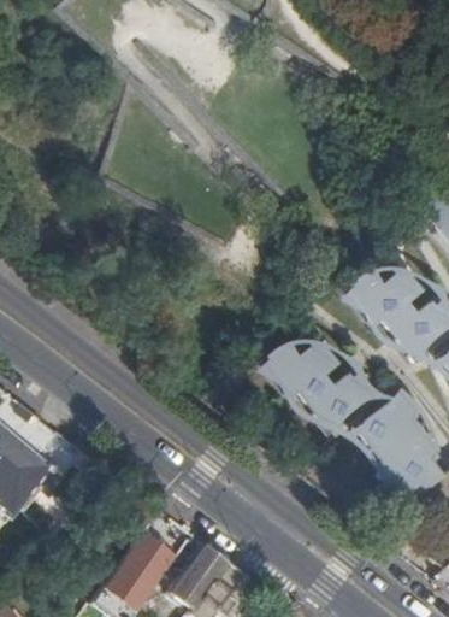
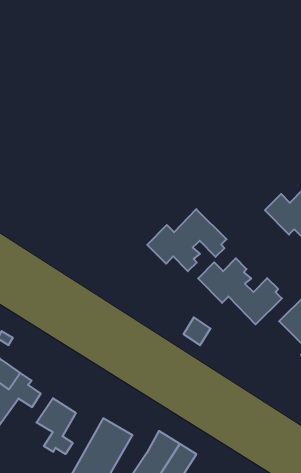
building: none -> [147,209,227,271]
building: none -> [36,398,76,454]

